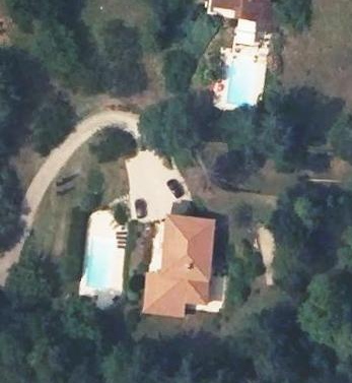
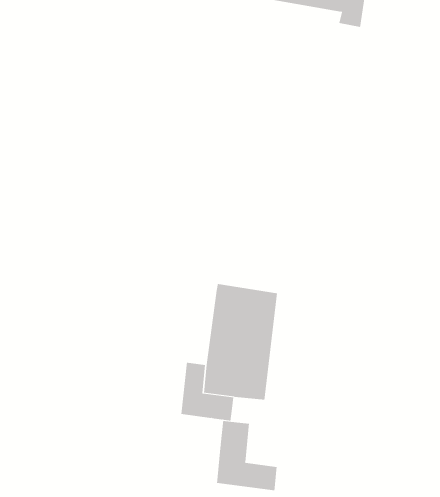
building: none -> [216,420,277,491]

